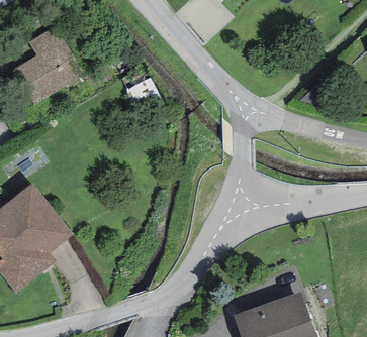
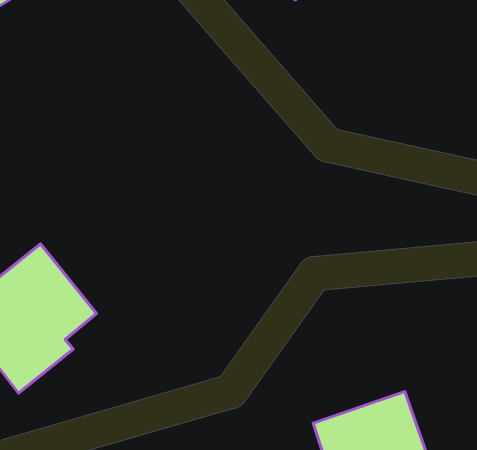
building: [12,25,84,105] -> none

